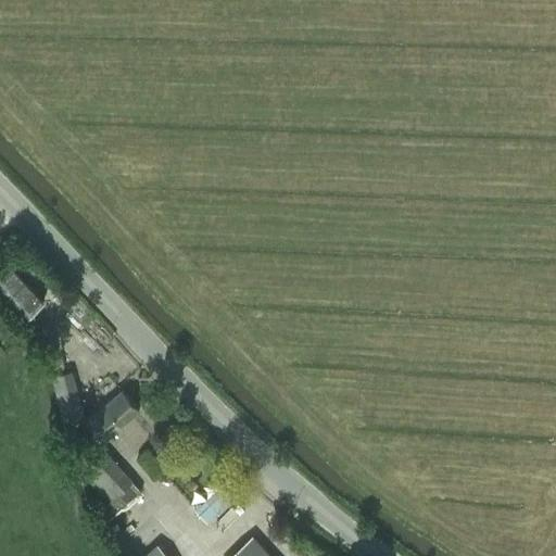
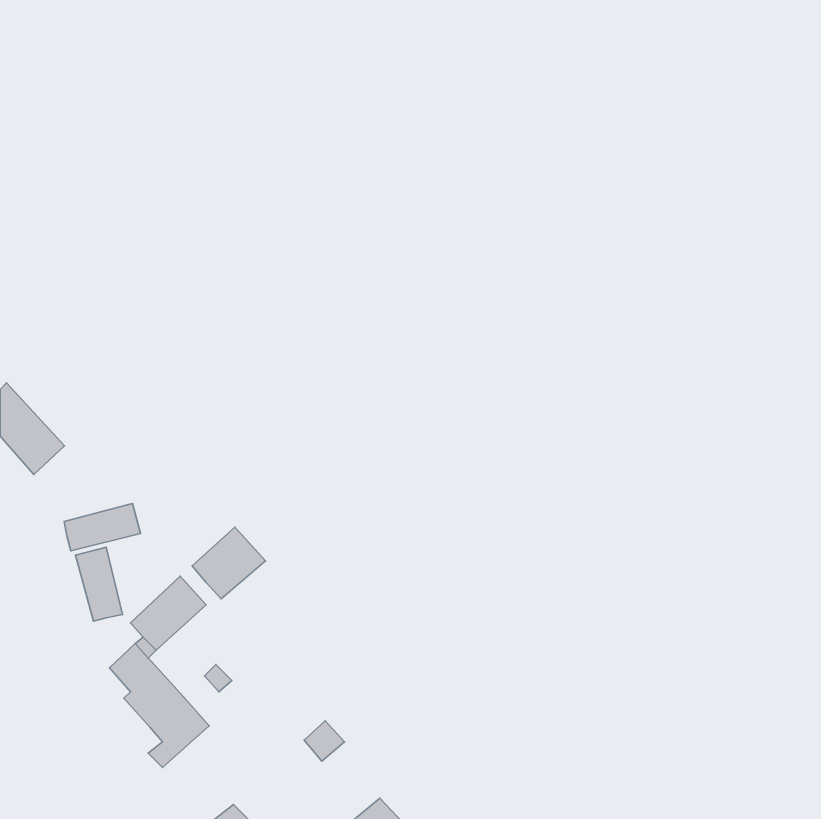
building: none -> [64,504,141,551]
building: none -> [192,527,266,599]

